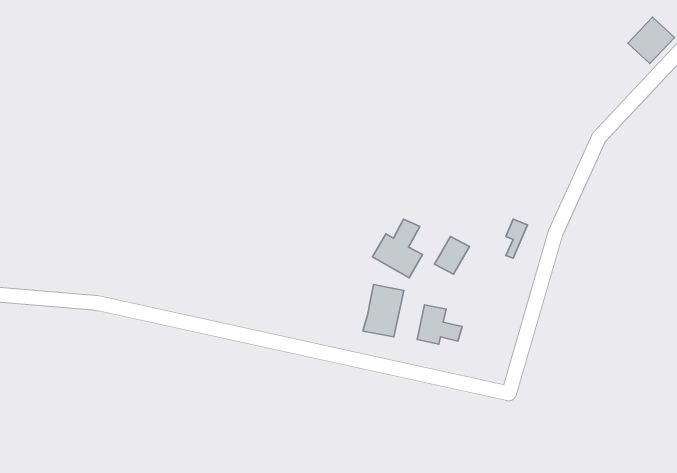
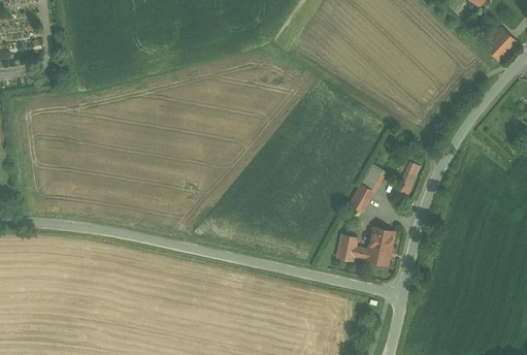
building: [373,219,423,278] -> none
building: [363,285,404,337] -> [366,227,395,264]

